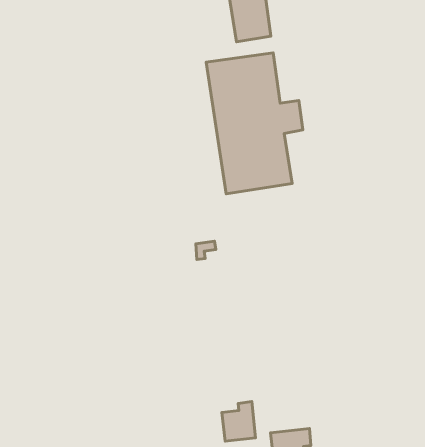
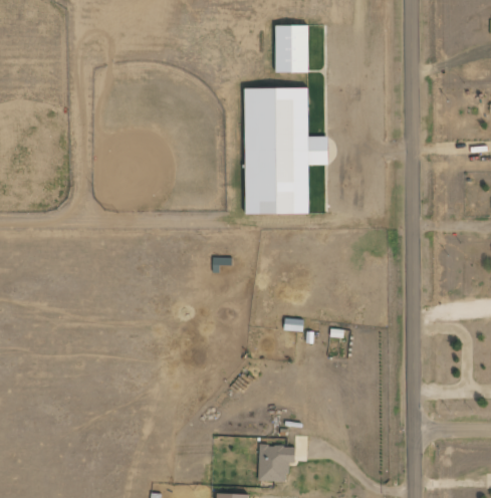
building: [222,401,256,441] -> none

